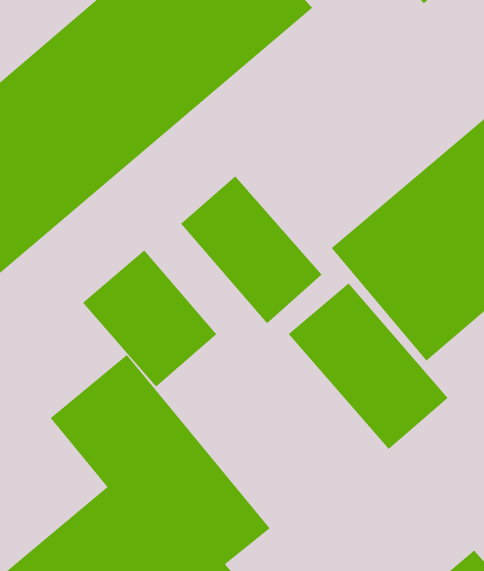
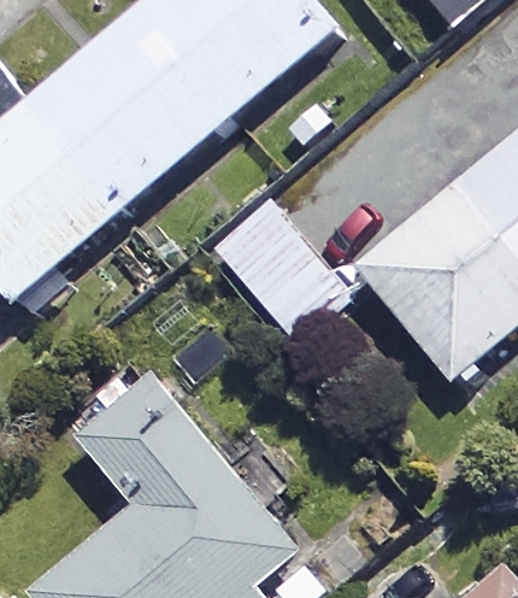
building: [82,250,217,387] -> none
building: [288,282,448,450] -> none

